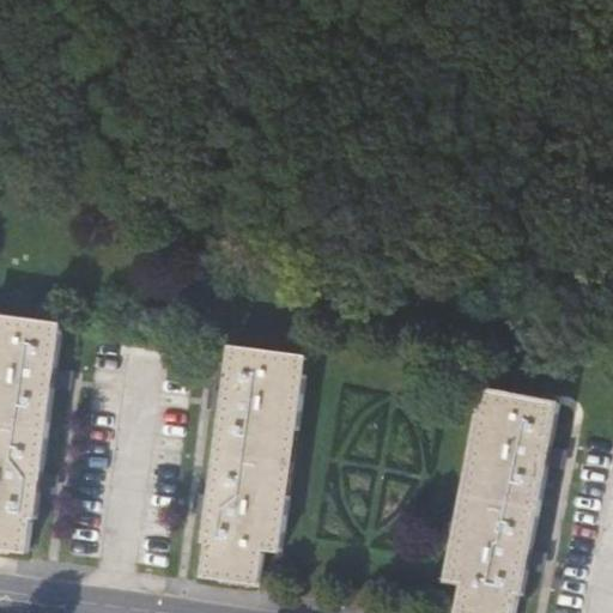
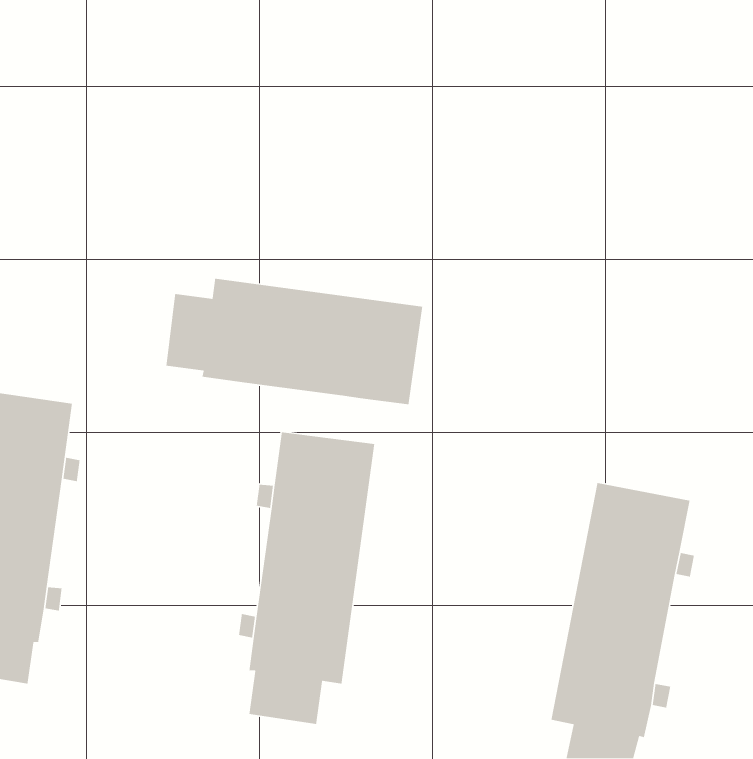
building: none -> [166,278,423,405]

